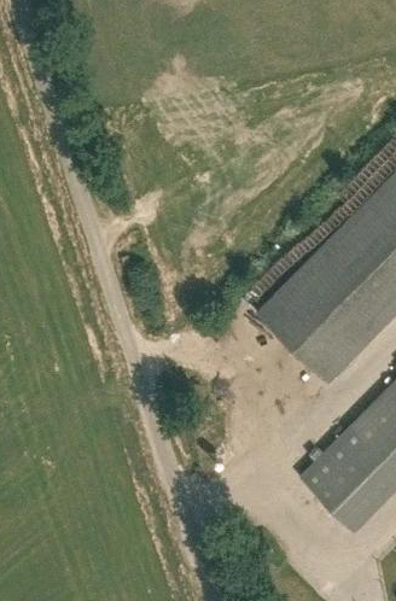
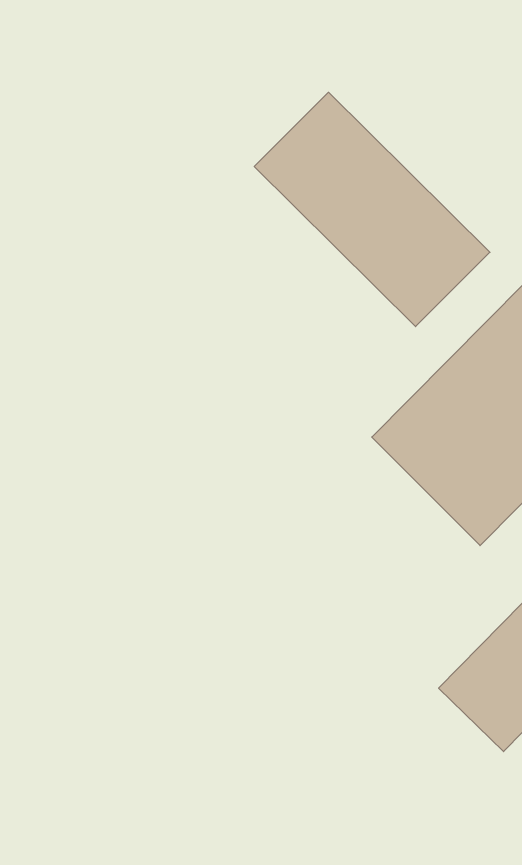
building: none -> [254,92,490,327]

